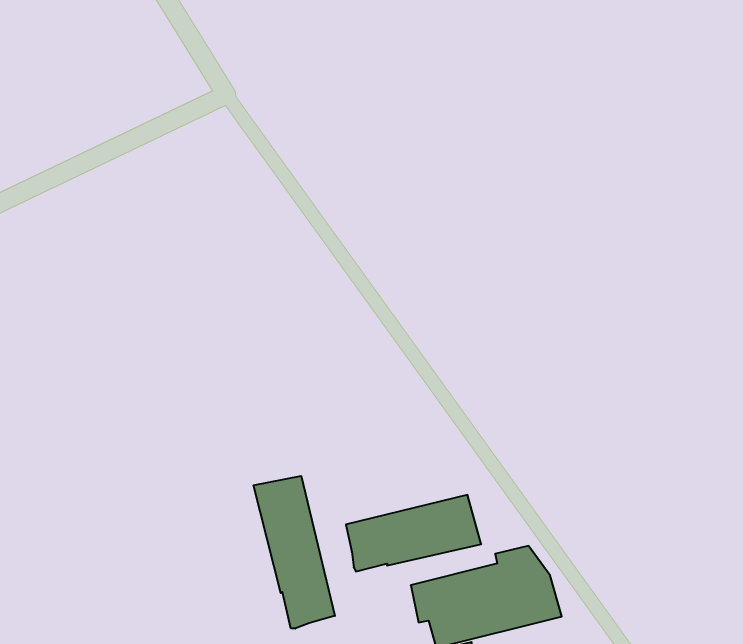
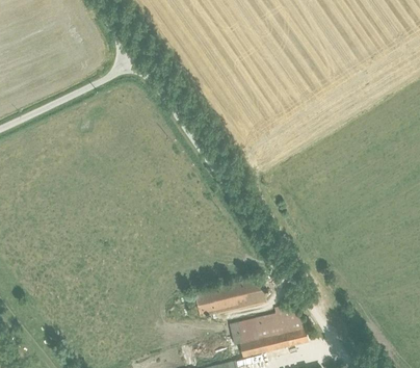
building: [254,476,335,629] -> none

